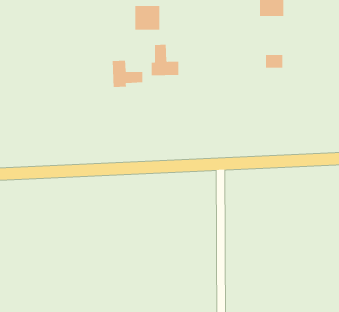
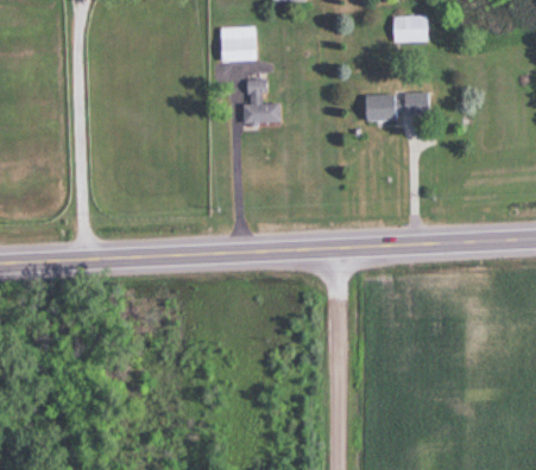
building: none -> [364,94,398,120]
building: [112,60,143,88] -> none

